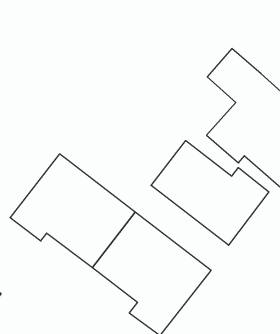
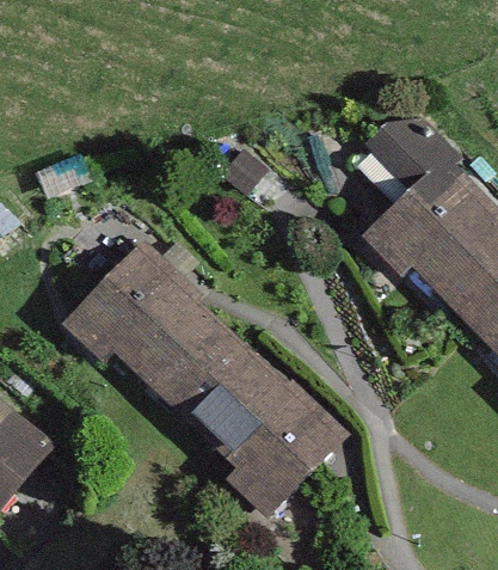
building: [151,141,269,245] -> none

